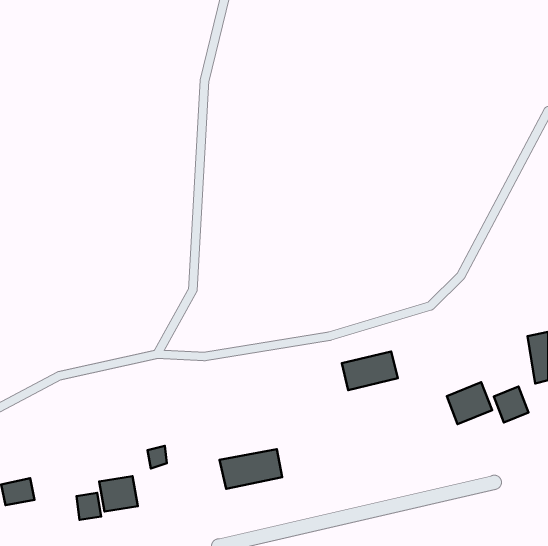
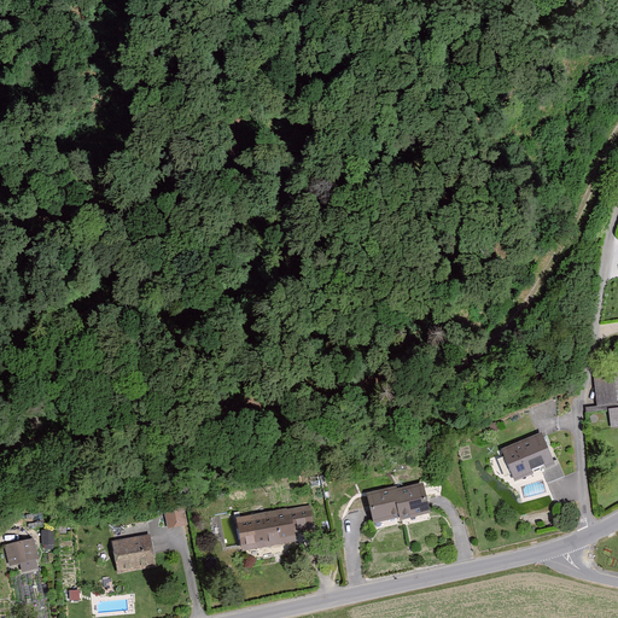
building: [342,351,398,390] -> [366,482,428,525]
building: [494,386,528,422] -> none
building: [76,493,101,520] -> none

